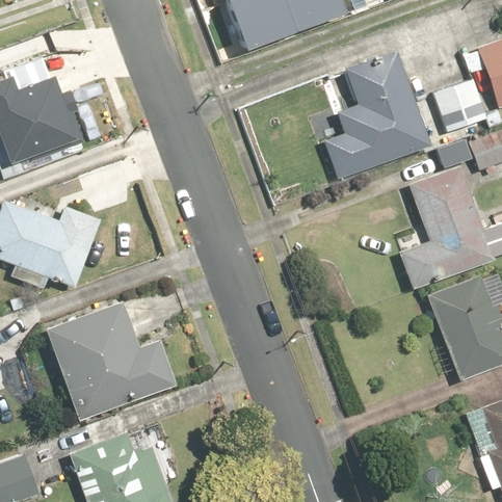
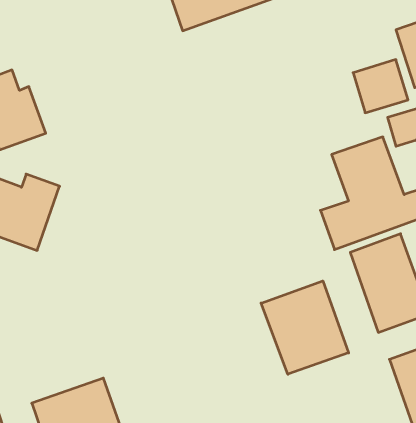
building: [323,50,435,179] -> none
building: [46,301,183,425] -> none
building: none -> [261,281,349,374]

